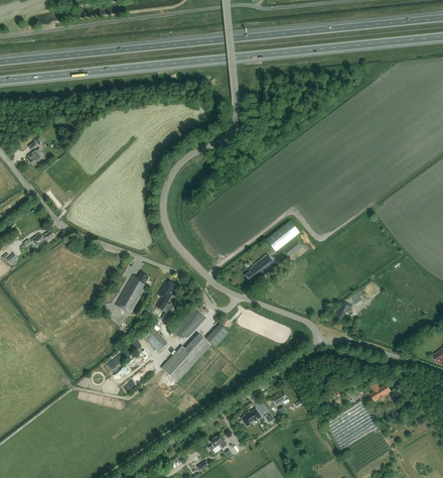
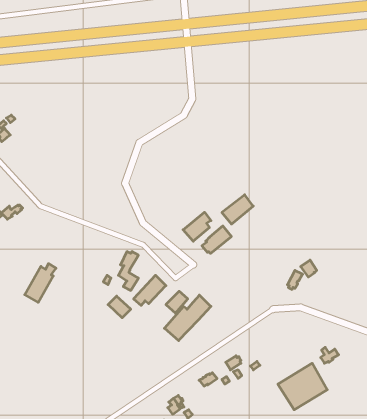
building: none -> [183,212,211,241]
building: [116,271,149,313] -> [25,264,56,302]
building: [161,333,210,381] -> [164,295,211,341]

